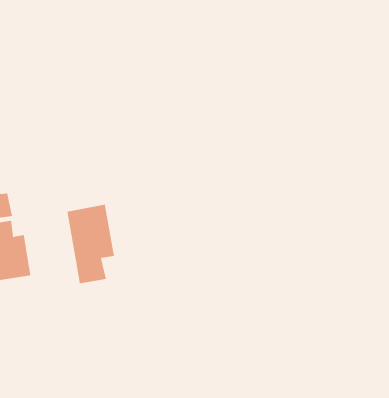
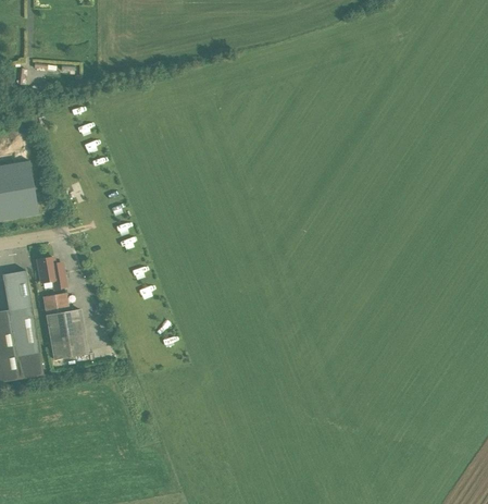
building: [67,204,114,284] -> none

